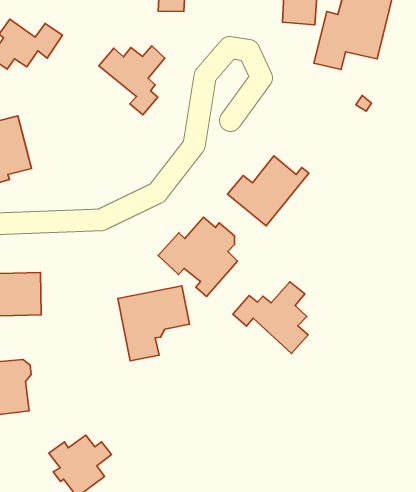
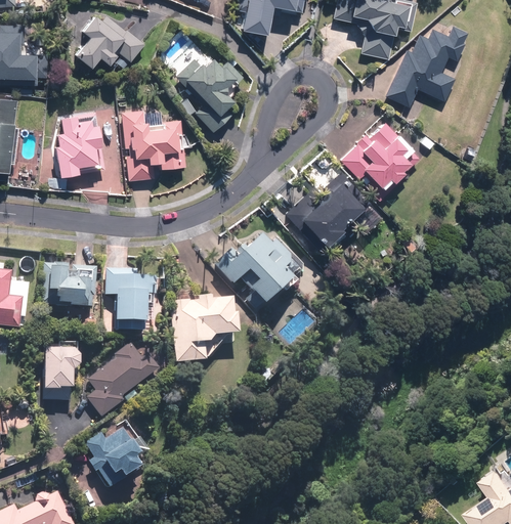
building: none -> [340,121,419,200]
building: none -> [123,113,186,179]
building: none -> [105,267,157,331]
building: [233,282,308,354] -> none
building: none -> [86,342,159,417]

